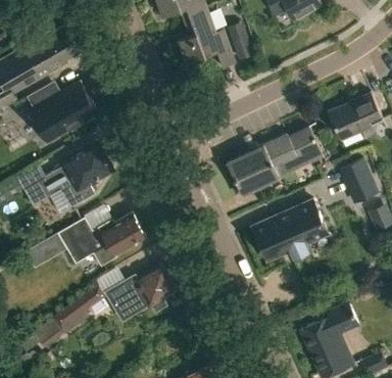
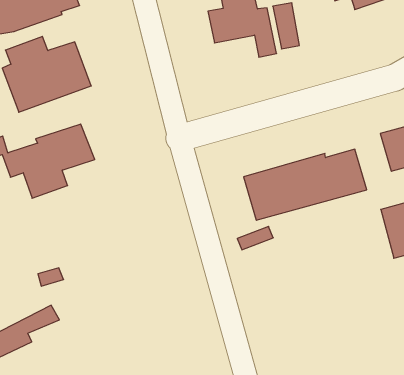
building: [253,198,329,259] -> none
building: [59,214,145,262] -> none
building: [108,265,177,319] -> none

